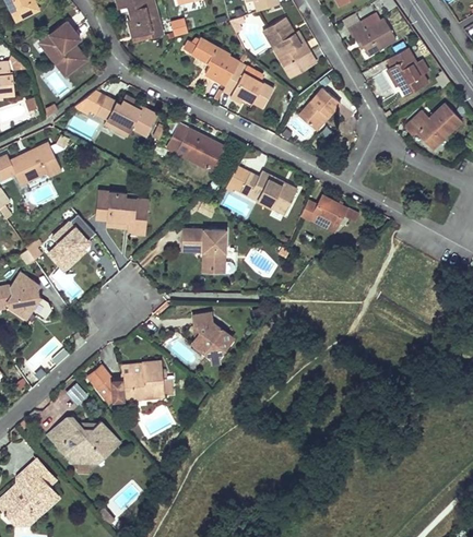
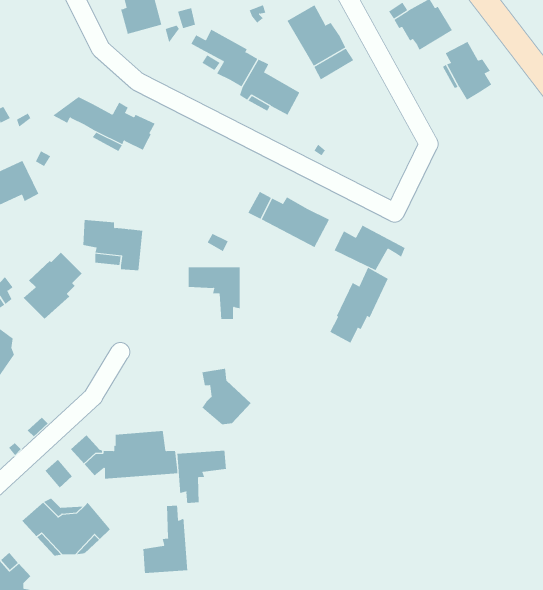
building: [39,22,85,74] -> none
building: [298,88,339,130] -> none
building: [404,104,460,148] -> none
building: [167,124,223,171] -> none
building: none -> [330,267,389,344]
building: none -> [177,450,226,504]
building: none -> [143,505,188,574]

